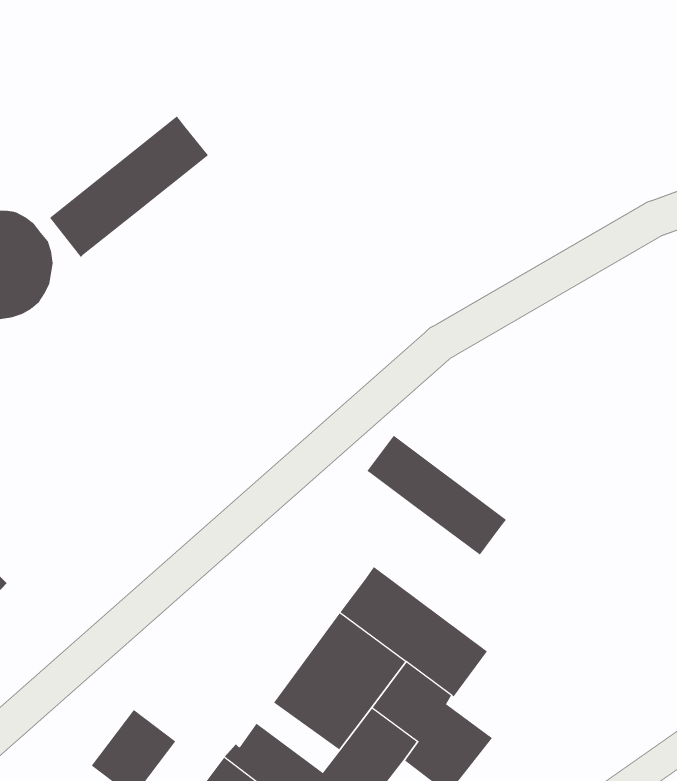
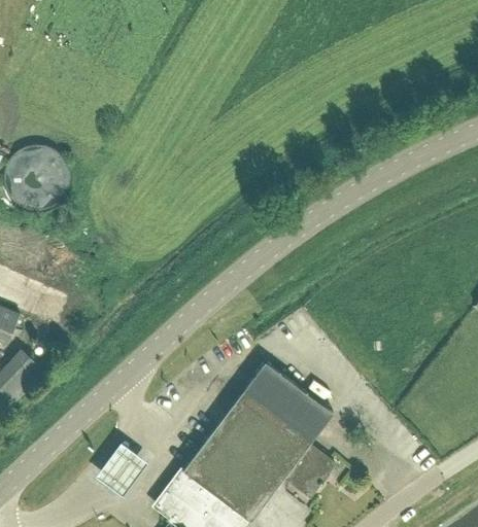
building: [49,115,209,258] -> none
building: [367,435,507,556] -> none
building: none -> [194,443,244,485]

